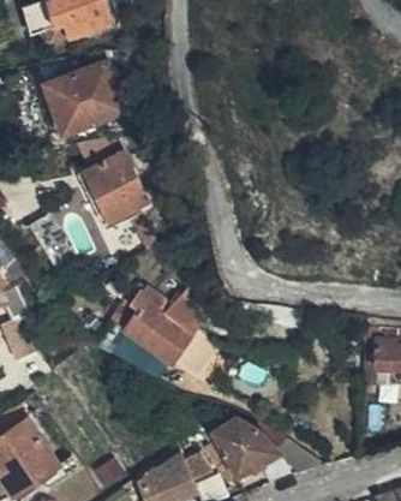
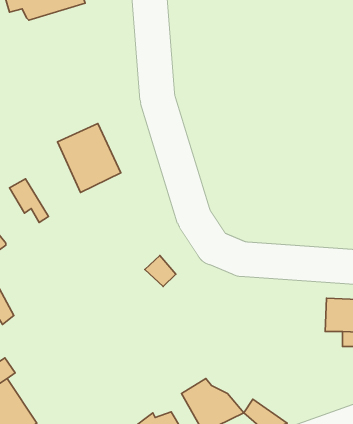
building: [46,65,120,135] -> none
building: [124,296,209,362] -> none

